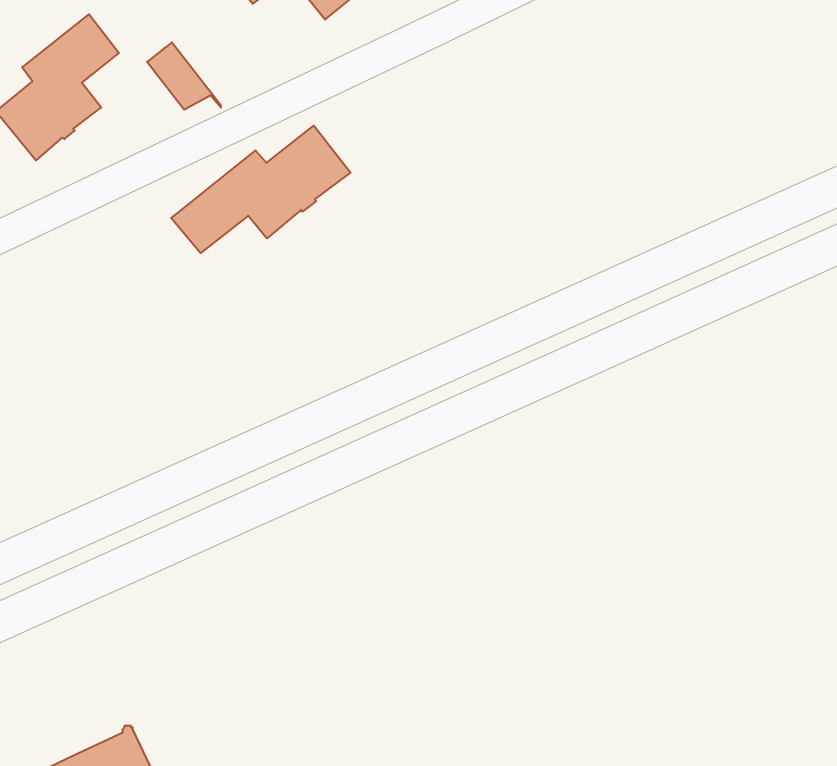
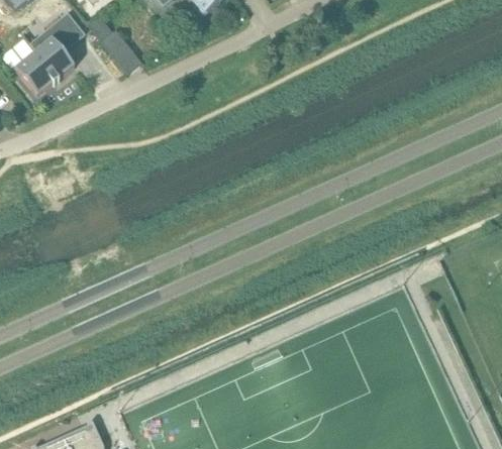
building: [171,126,351,253] -> none

